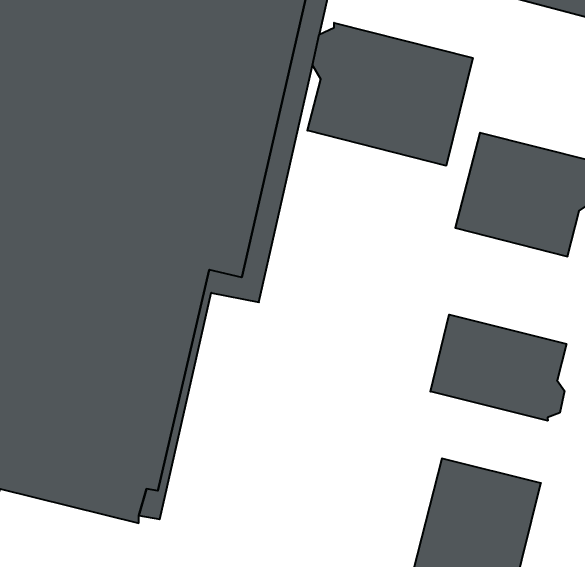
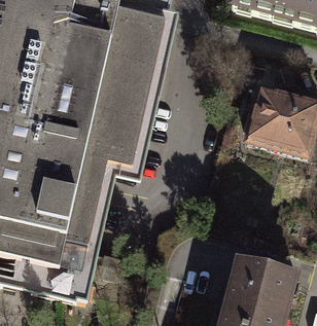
building: [307,23,473,166] -> none
building: [430,315,566,421] -> none

